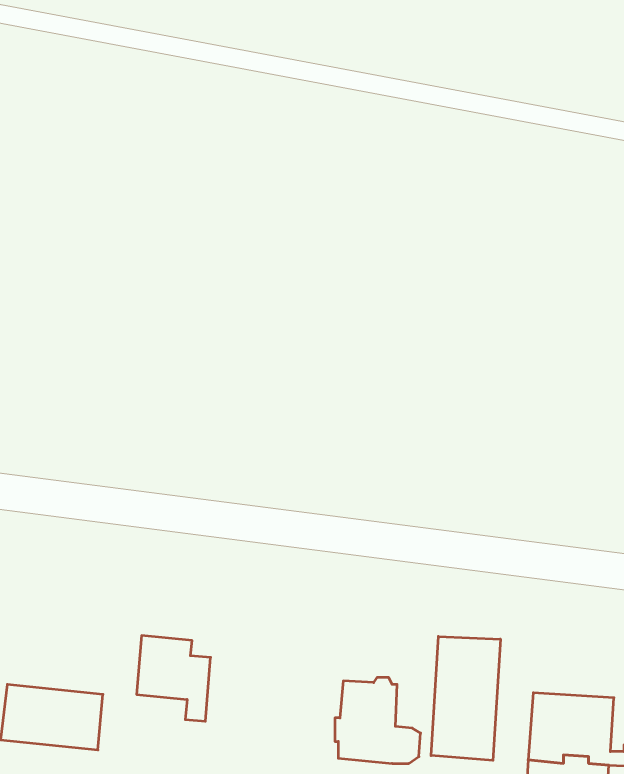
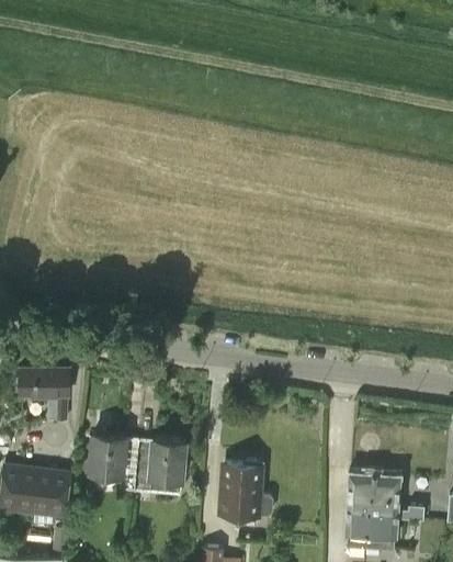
building: none -> [15,369,69,418]
building: [431,636,500,760] -> none
building: none -> [135,439,185,493]

